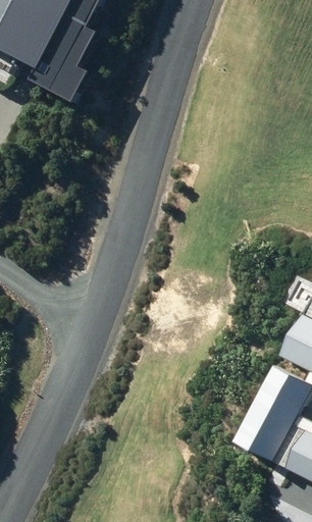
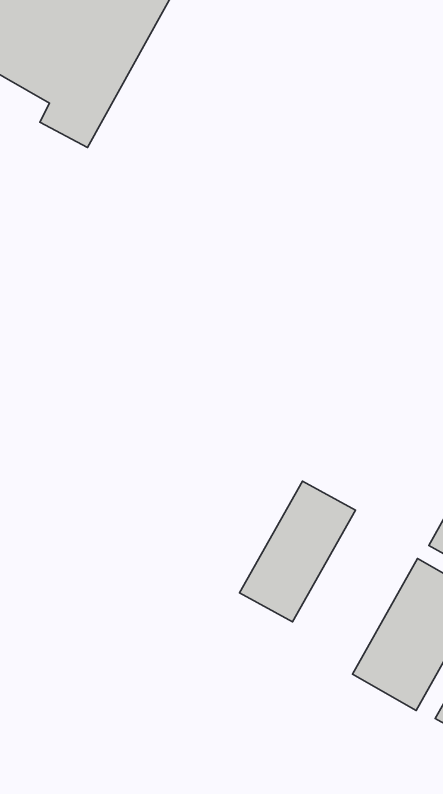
building: none -> [240,481,355,622]

